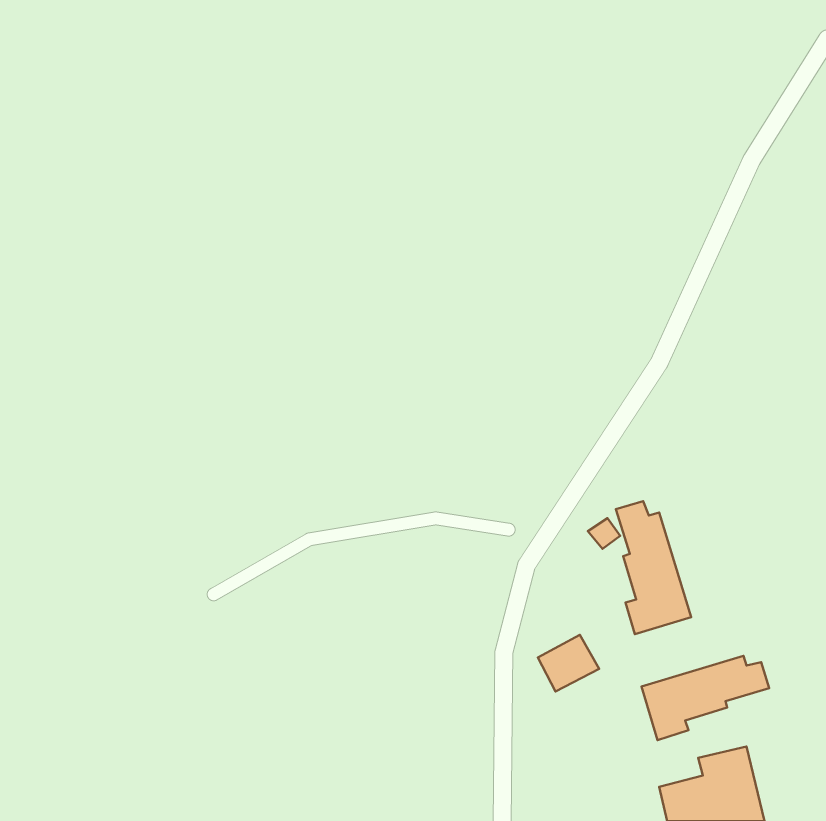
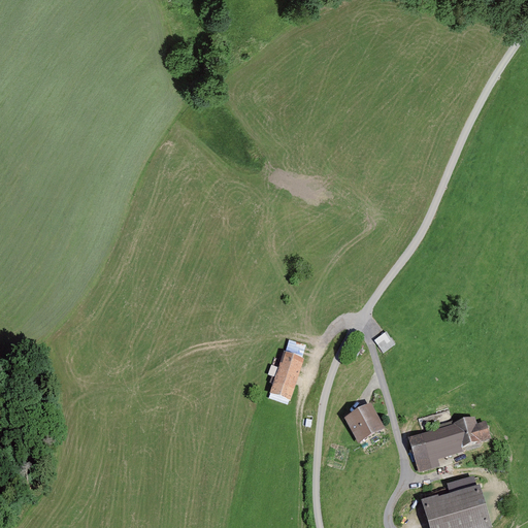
building: [616,501,691,634] -> none
building: none -> [269,339,307,401]

